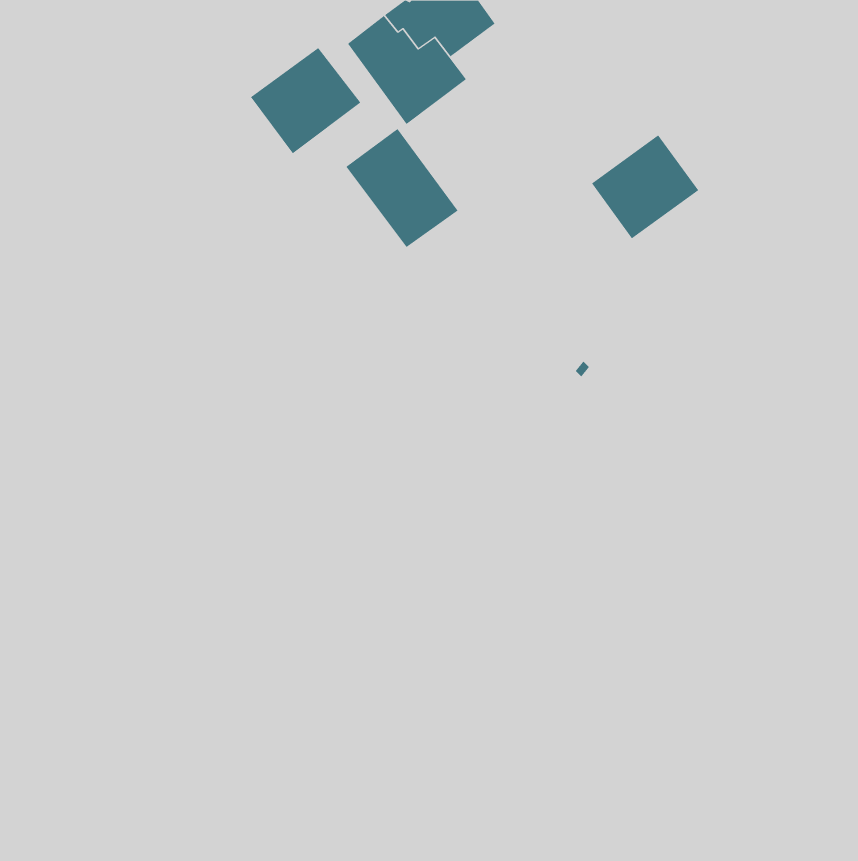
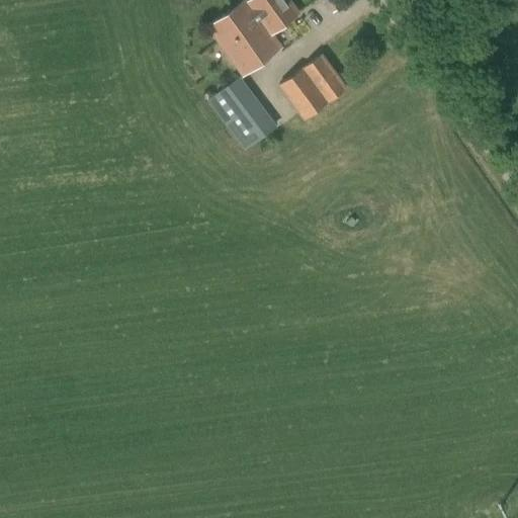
building: [250,47,361,154] -> none
building: [591,135,699,239] -> [281,55,346,117]

